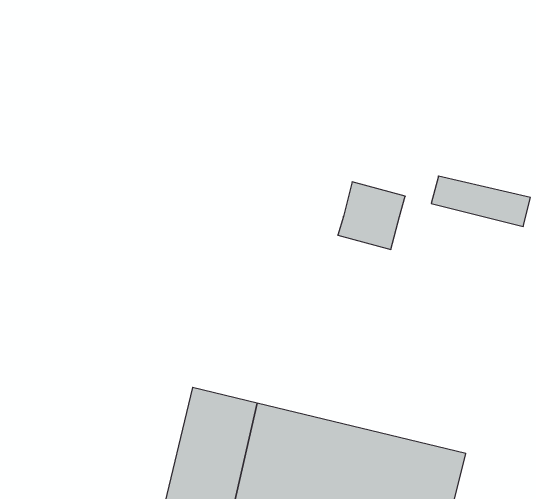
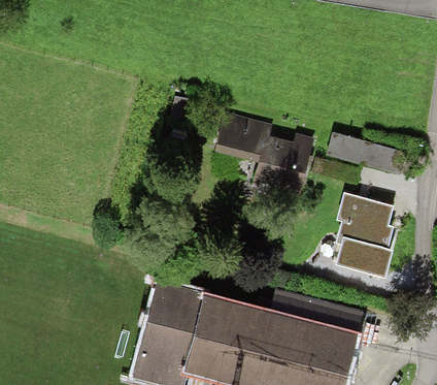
building: none -> [220,119,273,162]
building: none -> [341,196,394,270]

